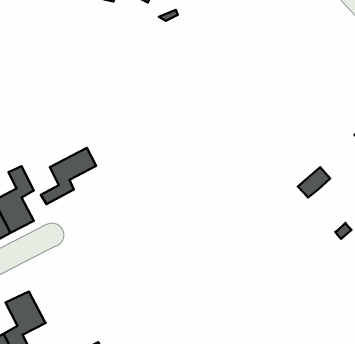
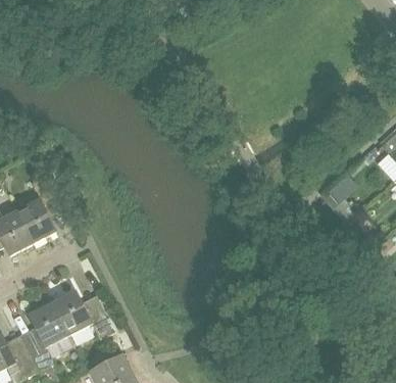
building: [41,148,96,204] -> none
building: none -> [51,290,114,338]

